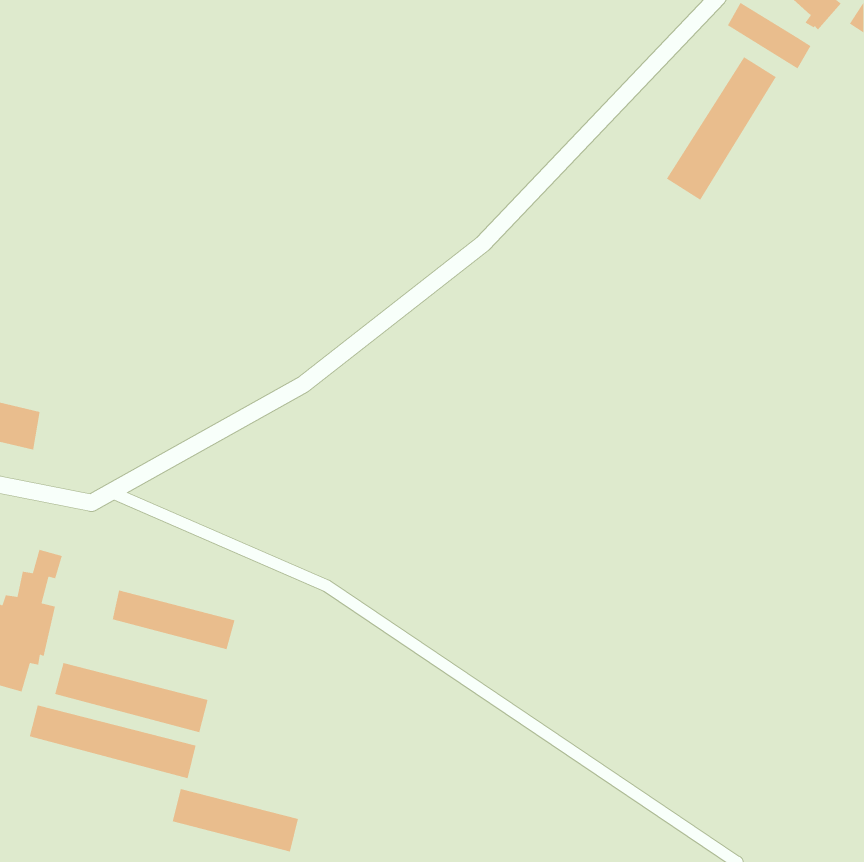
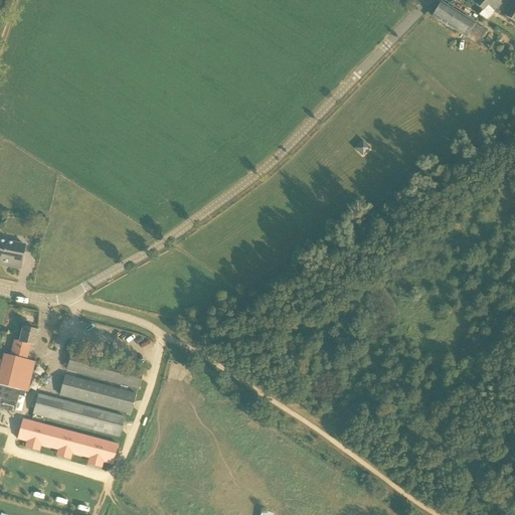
building: [666,56,777,201] -> none
building: [172,788,299,852] -> [59,374,135,412]

